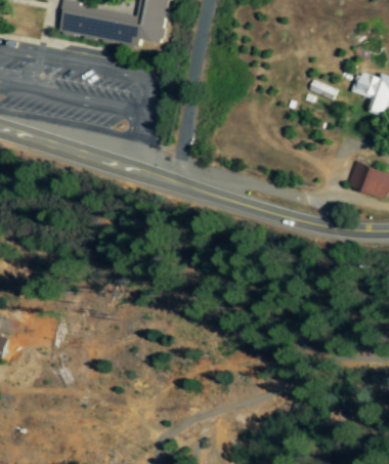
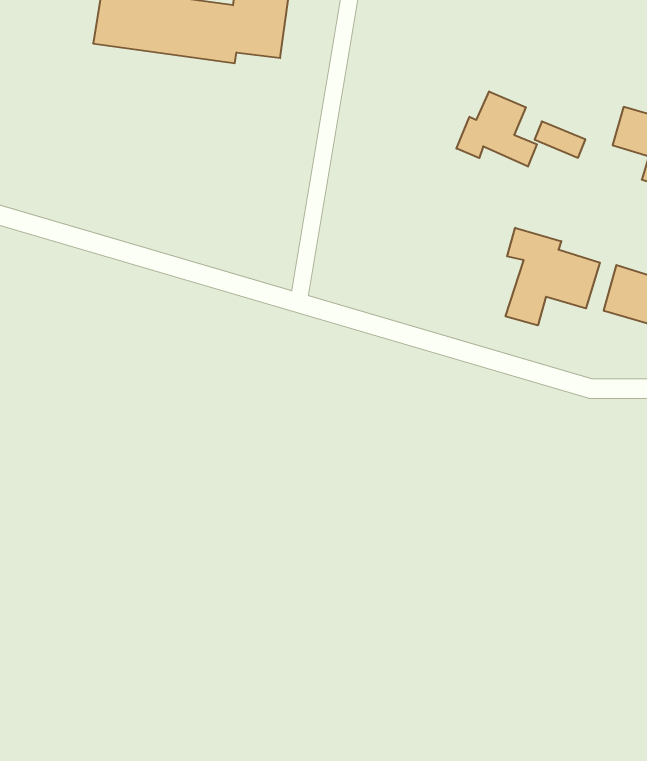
building: none -> [456,91,537,167]
building: none -> [506,228,600,325]

